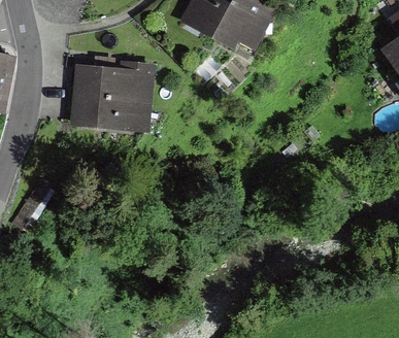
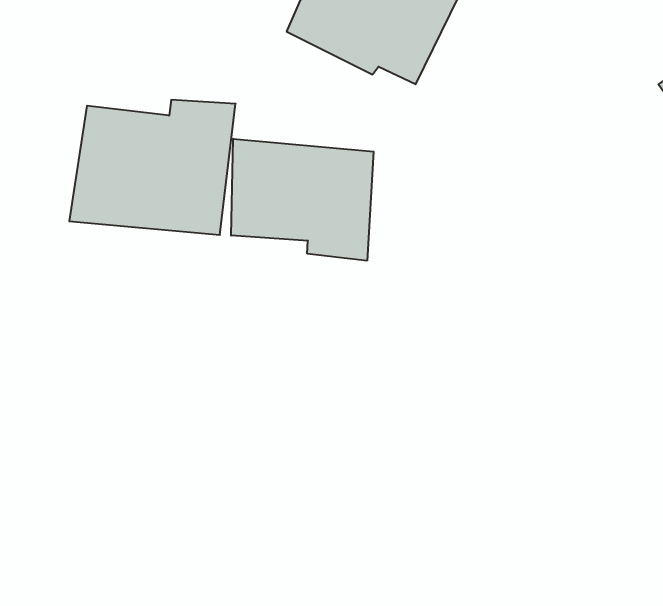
building: none -> [231,139,374,261]

